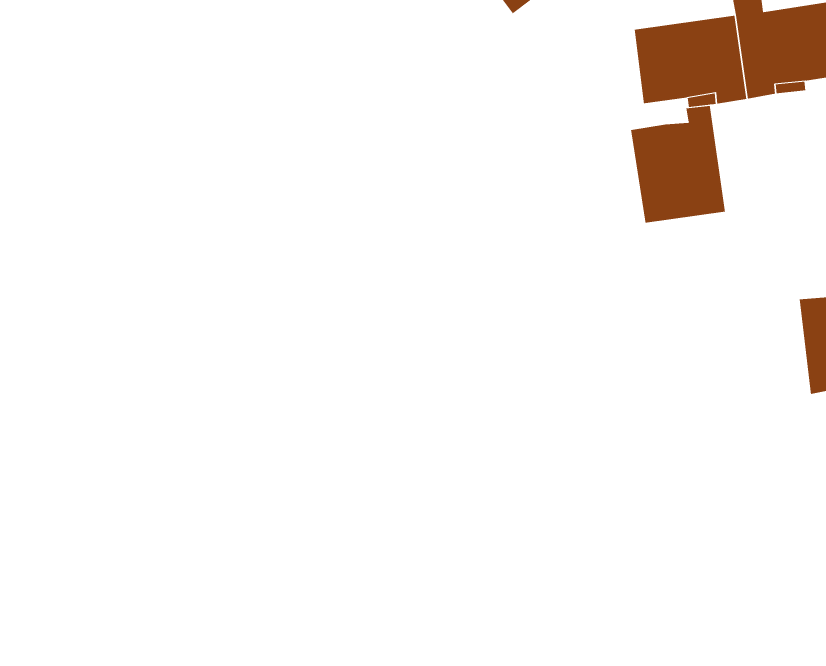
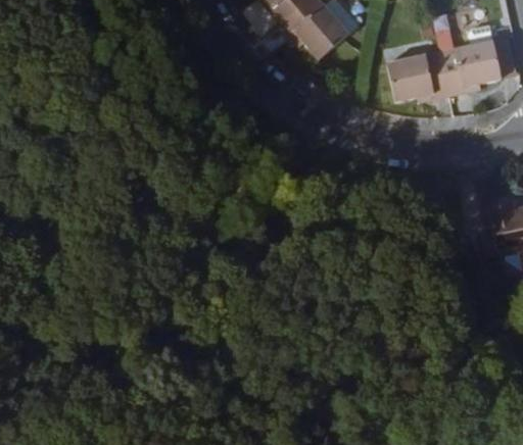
building: [630,105,725,224] -> none

